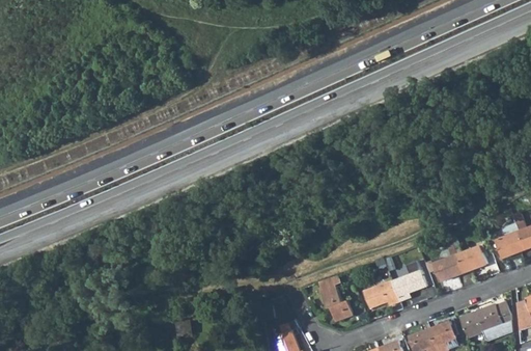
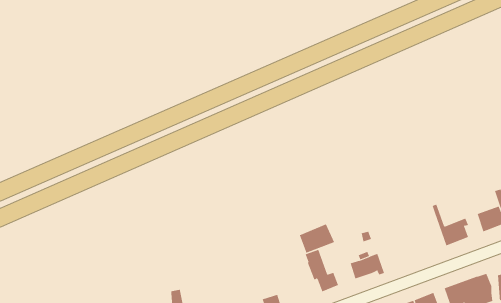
building: [429,238,463,281] -> none
building: none -> [299,224,335,254]
building: [392,260,427,301] -> none

